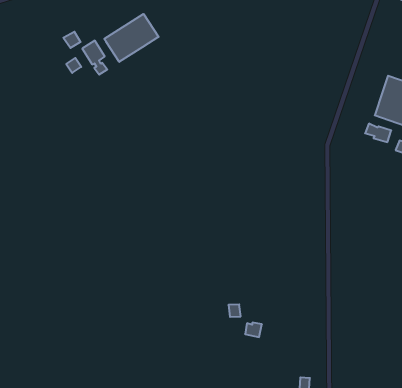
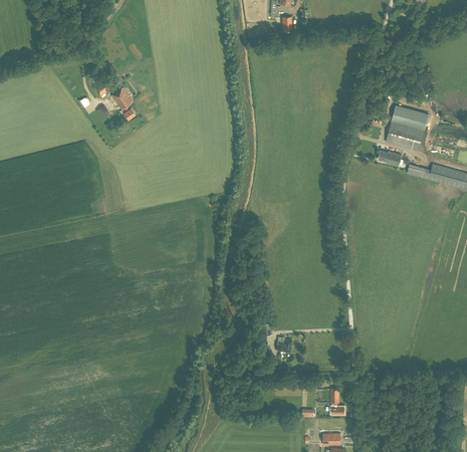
building: [104,14,159,62] -> none

